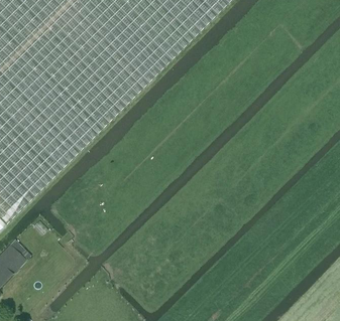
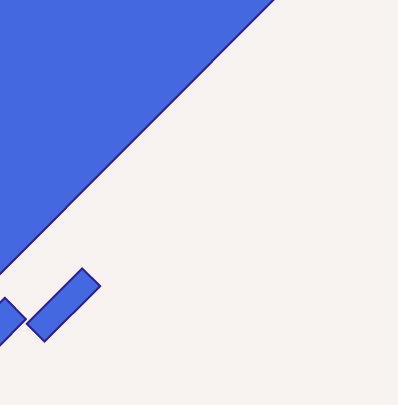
building: none -> [27,268,100,342]

